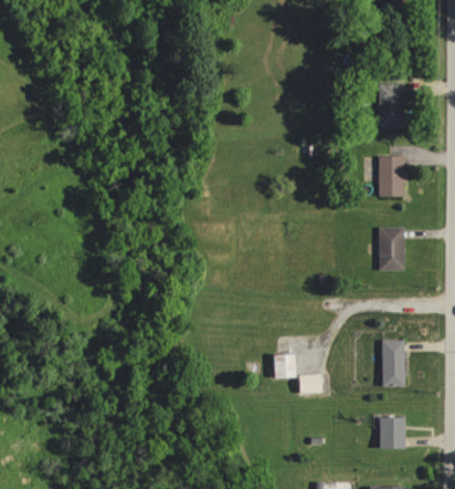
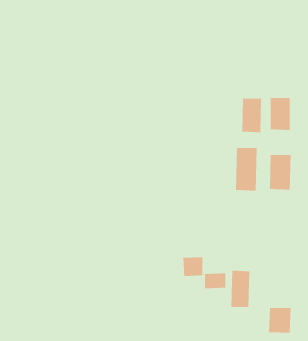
building: [378,84,403,127] -> [241,98,262,133]
building: none -> [236,147,257,192]
building: [381,340,405,386] -> [231,270,250,308]

